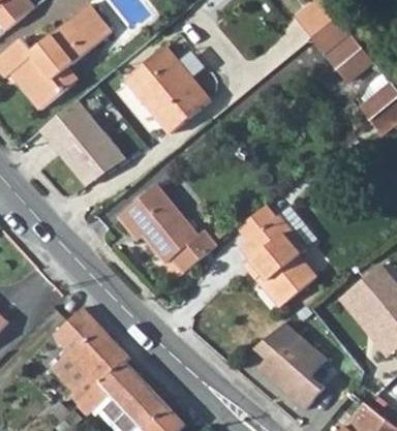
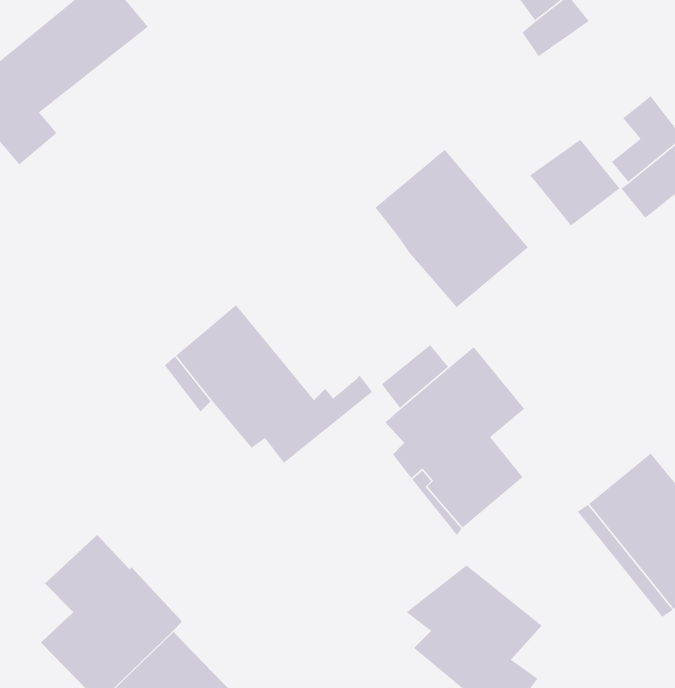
building: [322,30,371,78] -> [529,139,620,226]
building: [125,45,209,132] -> [375,149,529,308]
building: [37,103,122,190] -> none

